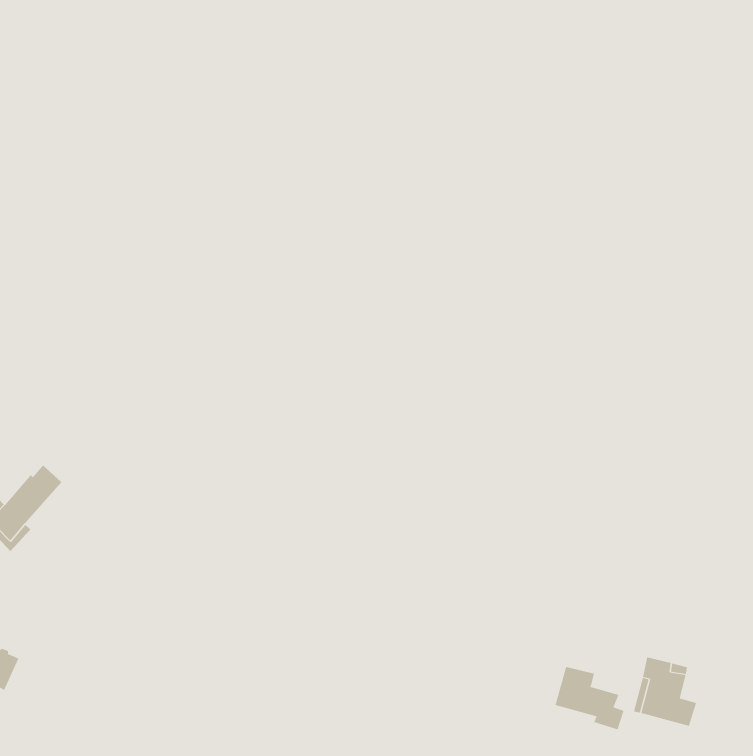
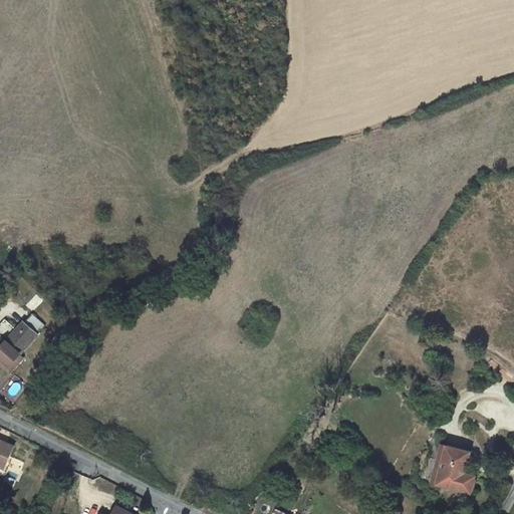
building: [555,666,624,730] -> none

